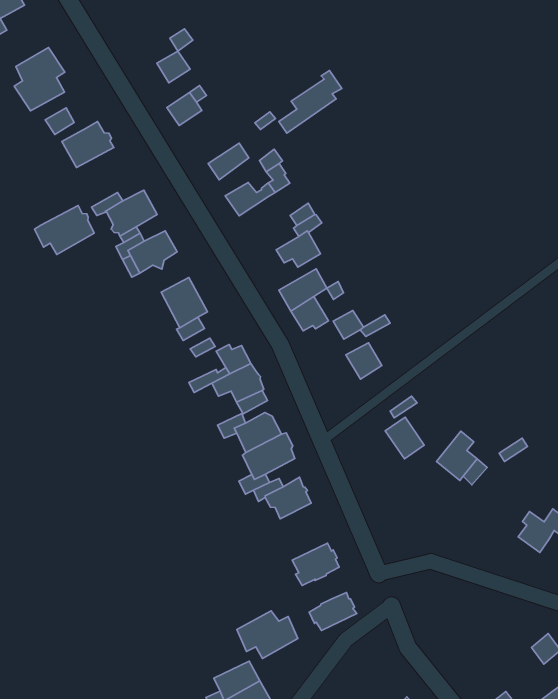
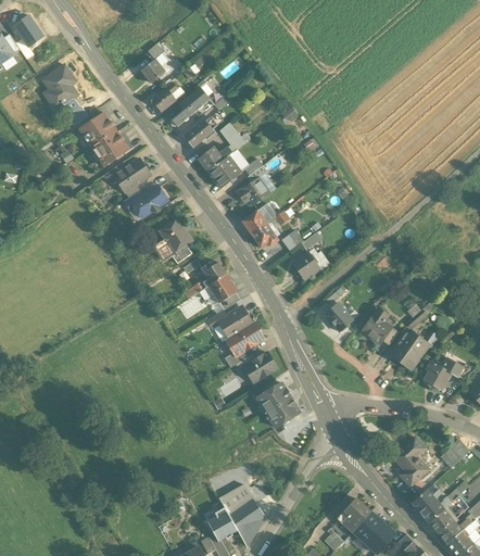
building: [279,70,342,133] -> [170,80,213,127]
building: none -> [209,156,240,188]
building: [34,205,94,254] -> [87,131,129,167]
building: none -> [391,330,428,368]
building: [309,592,357,630] -> [257,382,291,410]
building: [237,611,298,659] -> none
building: none -> [392,437,428,485]

